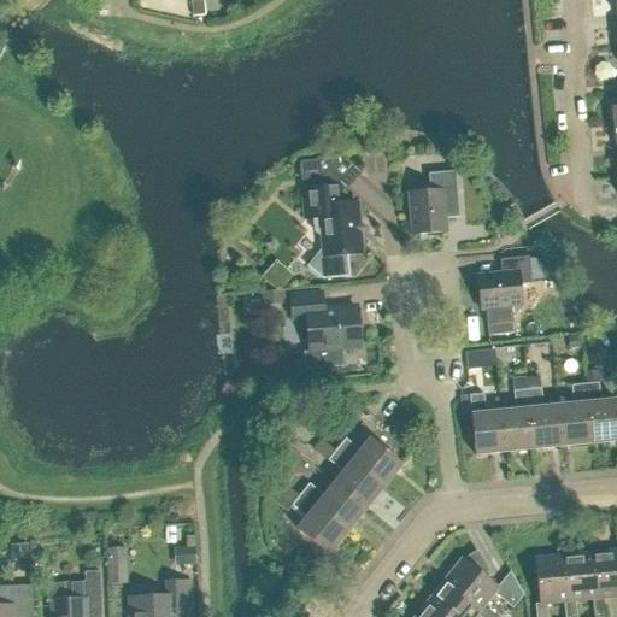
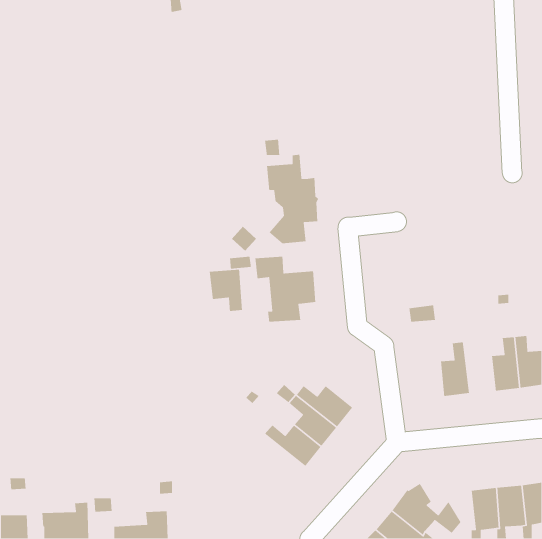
building: [409,170,459,234] -> none
building: [477,254,531,324] -> none
building: none -> [209,269,243,312]
building: [527,374,563,447] -> none
building: [469,392,504,453] -> none
building: [292,493,347,553] -> none

